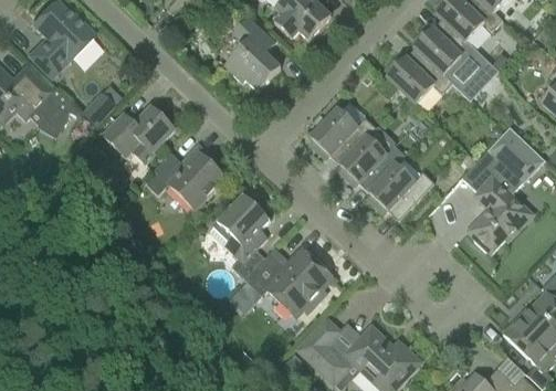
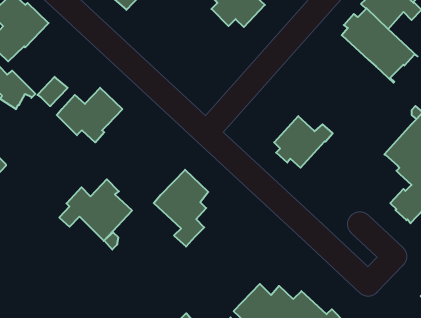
building: [225,15,281,91] -> none
building: [387,47,453,104] -> none
building: [312,108,377,165] -> none
building: [147,142,227,210] -> [59,179,132,241]
building: [370,163,434,220] -> none
building: [245,247,331,314] -> none

